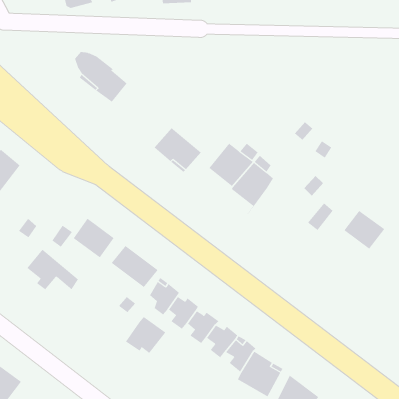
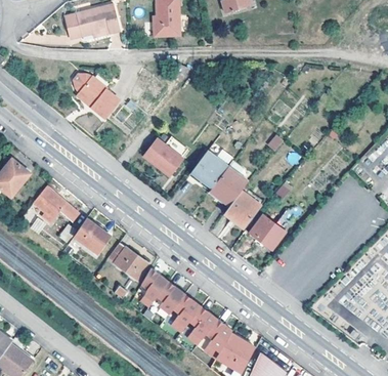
building: none -> [225,193,261,228]
building: [343,210,385,249] -> [249,216,285,250]
building: [27,249,79,290] -> [34,186,79,222]
building: [125,316,166,354] -> none

